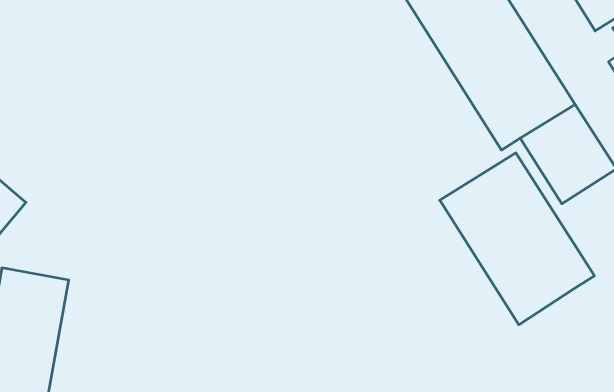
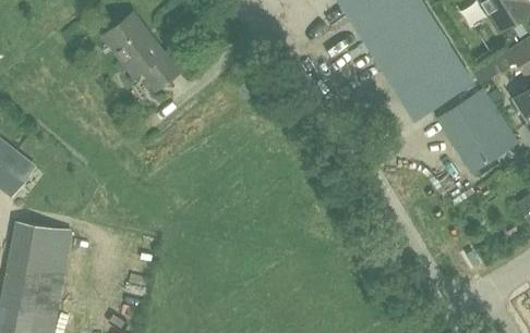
building: none -> [101,13,181,90]
building: [440,153,594,325] -> none

